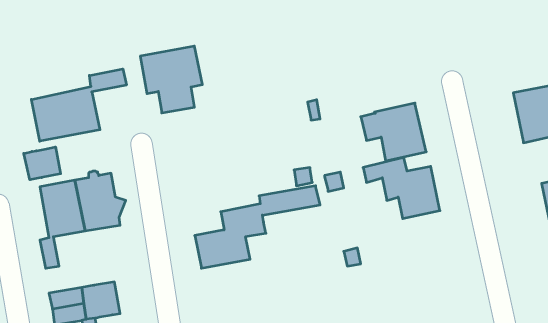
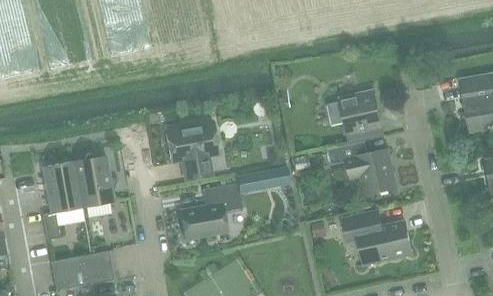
building: [140,46,202,113] -> [165,121,220,180]
building: [31,69,126,141] -> none
building: [24,147,61,180] -> none
building: none -> [342,210,412,265]

